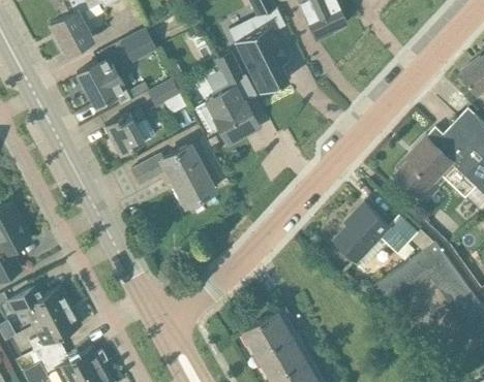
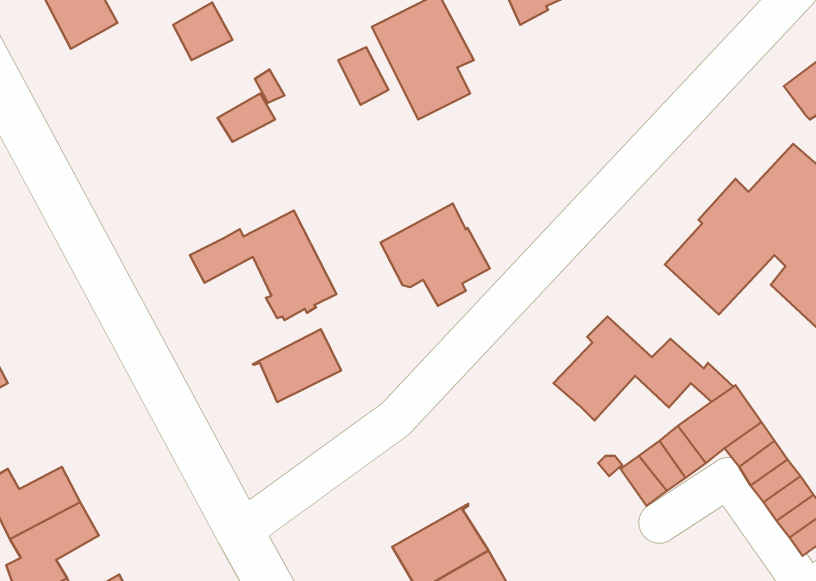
building: [75,58,130,107] -> none
building: [194,88,255,145] -> [380,204,490,306]
building: [104,109,155,155] -> none
building: none -> [253,329,341,402]

